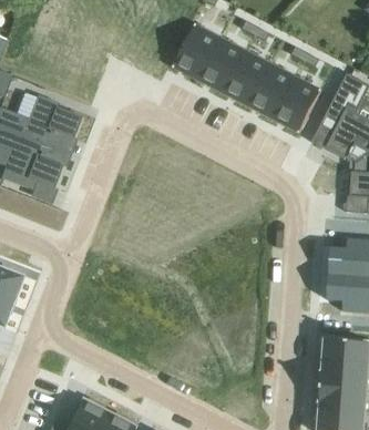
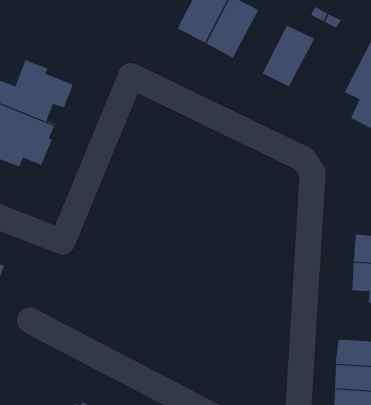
building: [224,50,271,106] -> none
building: [274,75,322,132] -> none

